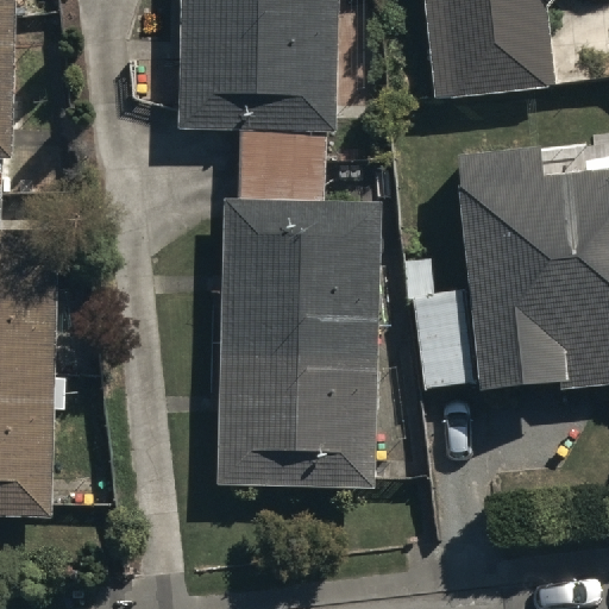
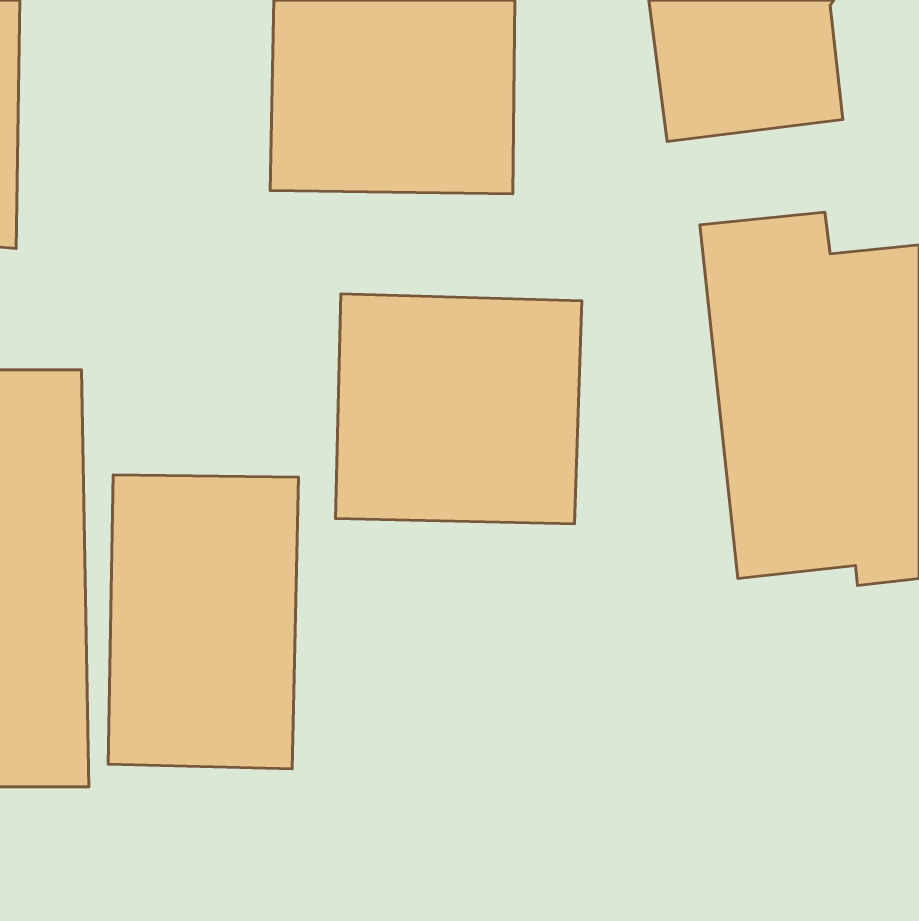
building: none -> [108,475,299,769]
building: [216,344,377,486] -> none

